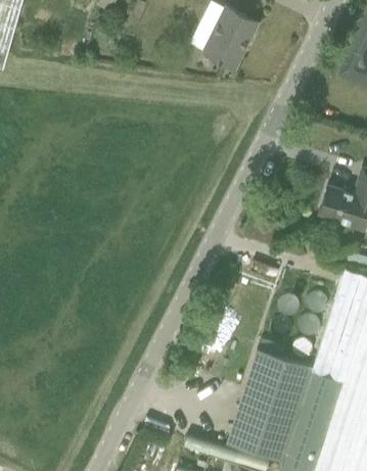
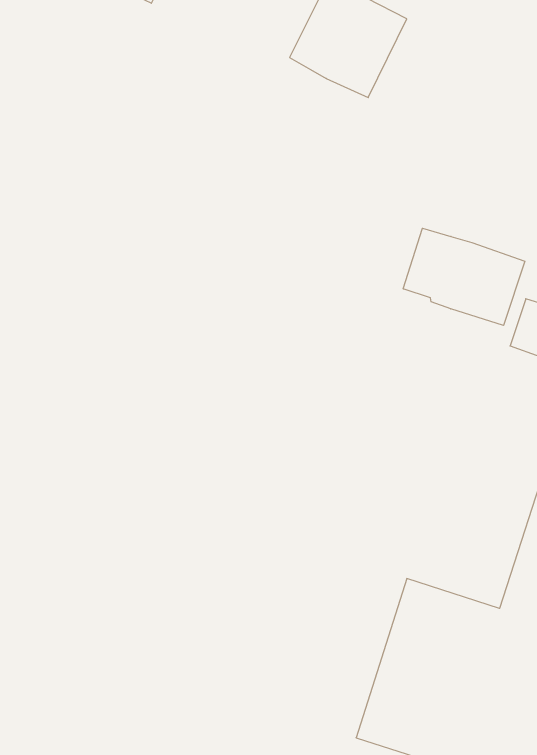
building: none -> [403,228,525,325]

